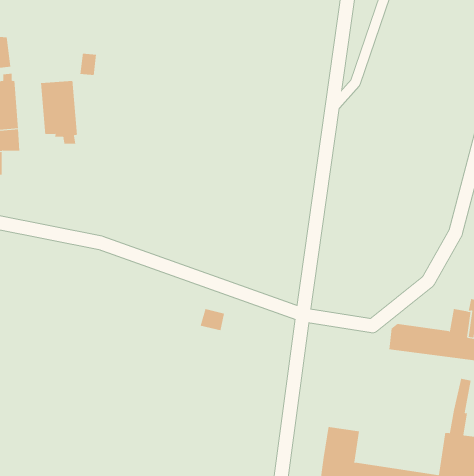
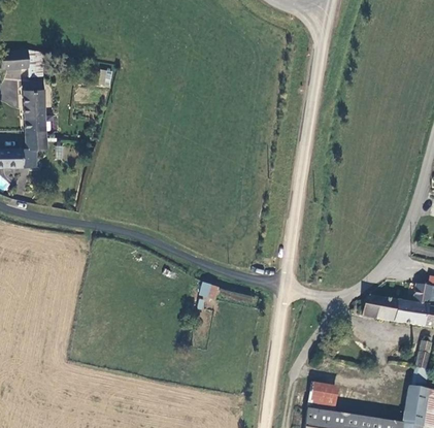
building: [40,80,77,145] -> none

